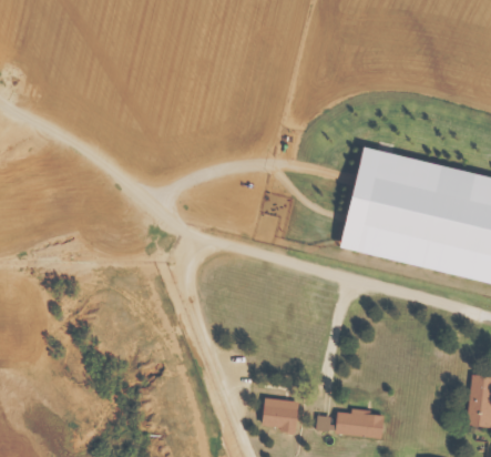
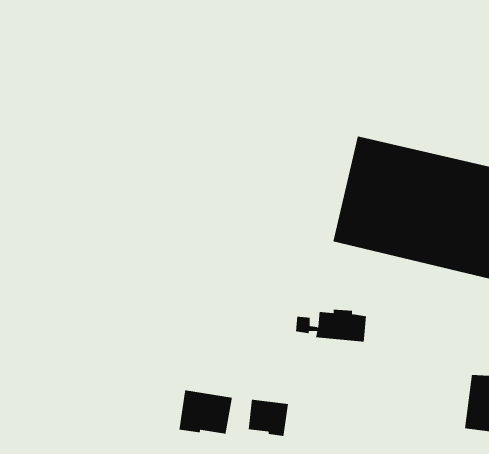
building: none -> [179,389,232,435]
building: [317,408,385,439] -> [295,309,367,342]

